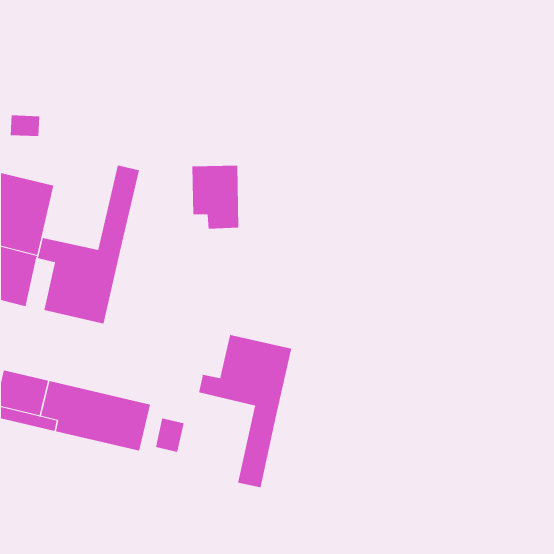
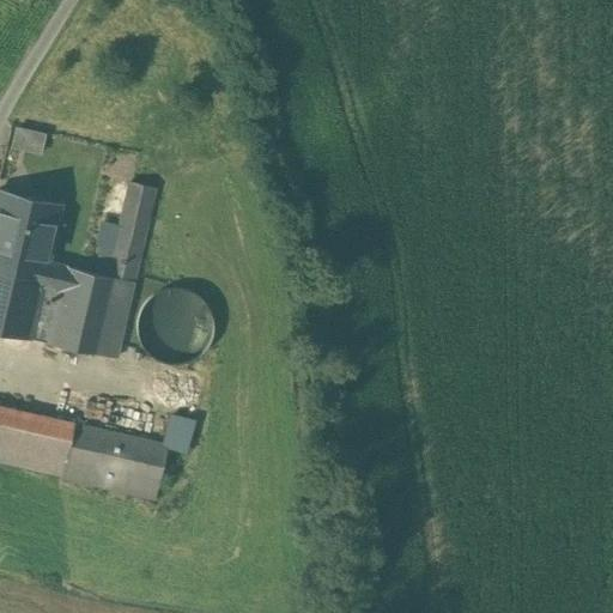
building: [192,165,239,229] -> [151,289,204,359]
building: [198,334,292,488] -> none
building: [155,418,184,453] -> [160,411,193,449]

